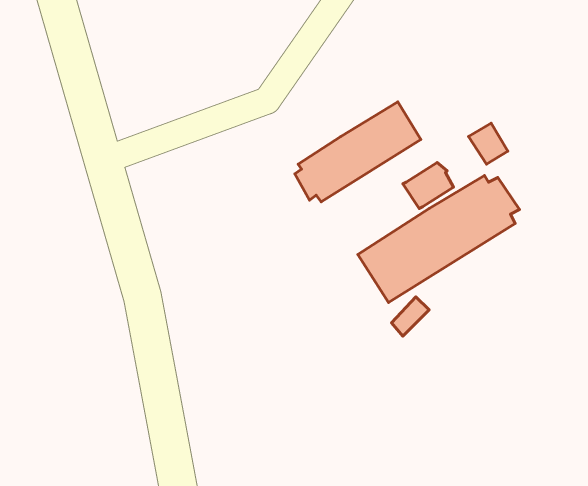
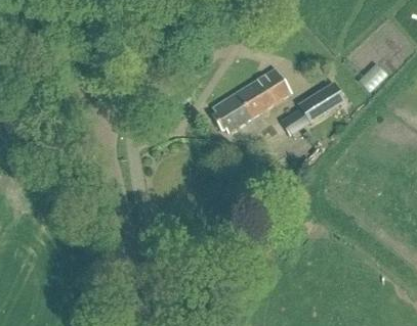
building: [358,176,520,302] -> none

